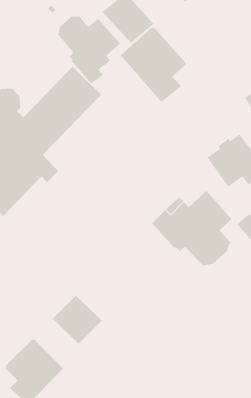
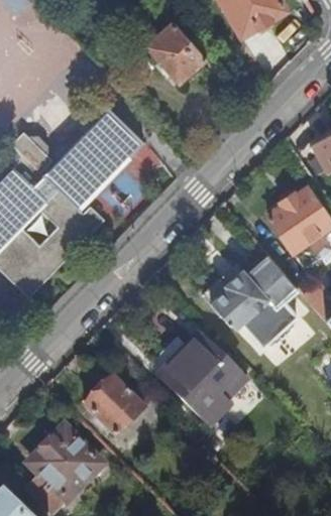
building: [57,15,121,84] -> none
building: [120,27,186,103] -> none
building: none -> [156,333,247,424]

